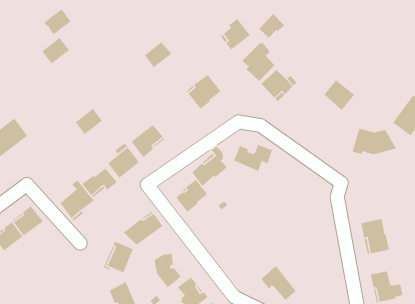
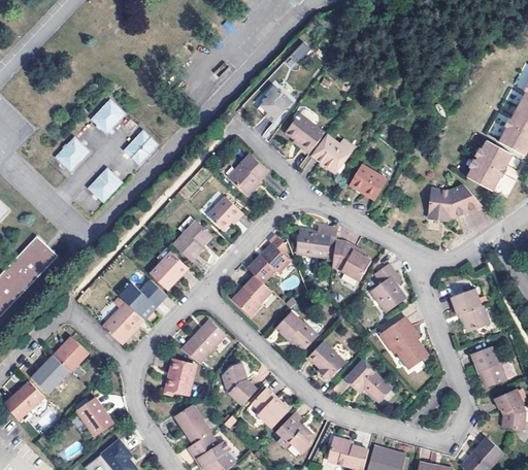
building: [43,8,71,35] -> [92,100,124,132]
building: [258,13,285,39] -> none
building: [144,41,172,68] -> [125,131,157,163]
building: [323,79,355,111] -> [349,164,385,199]
building: none -> [207,196,243,229]
building: [75,108,103,135] -> [89,168,121,201]
building: none -> [331,241,370,280]
building: none -> [369,263,405,313]
building: none -> [276,311,318,349]
building: none -> [380,317,428,370]
building: none -> [306,341,343,378]
building: none -> [77,398,113,436]

